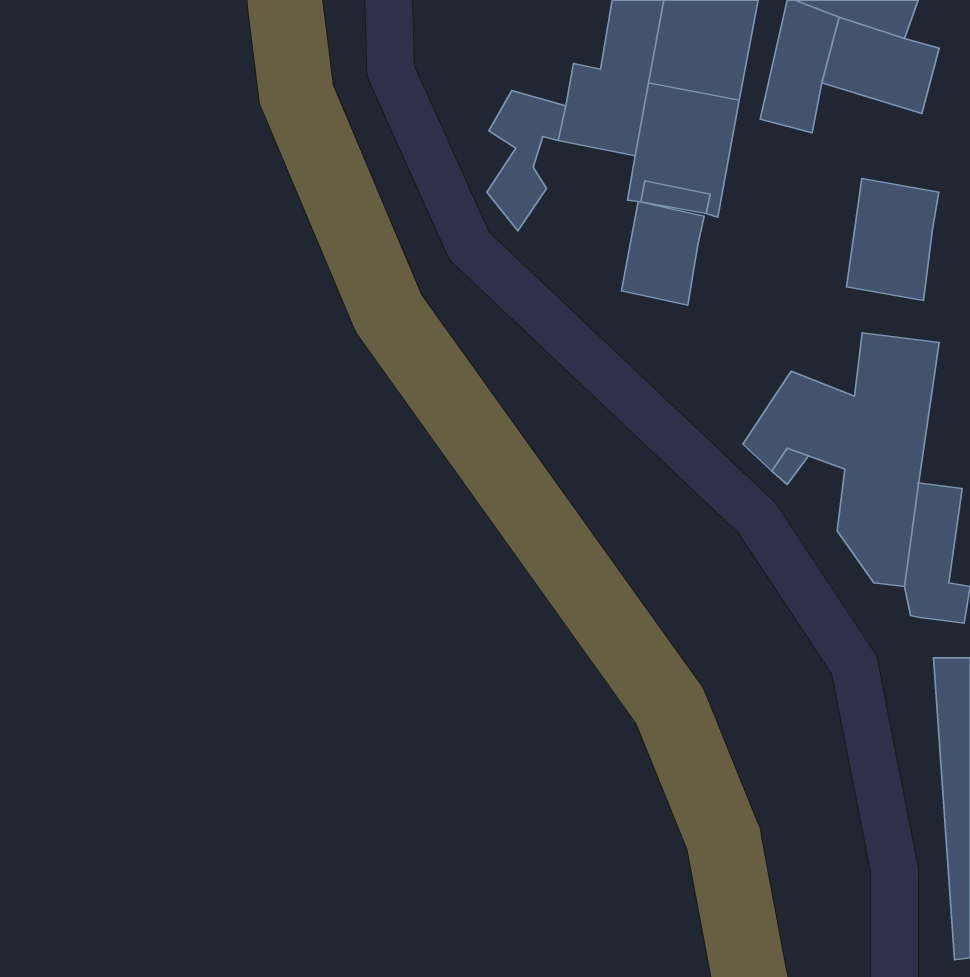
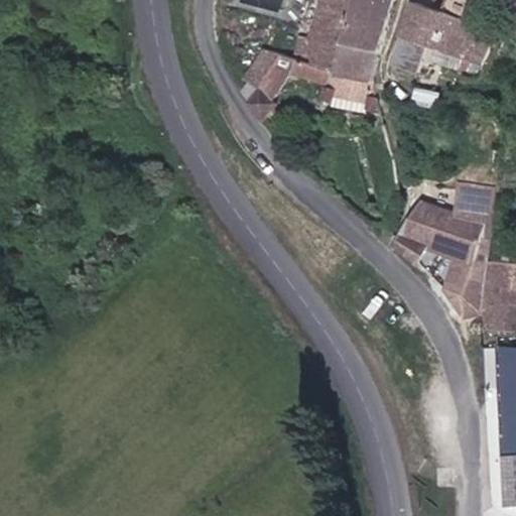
building: [846,179,939,300] -> none
building: [622,202,704,305] -> none

